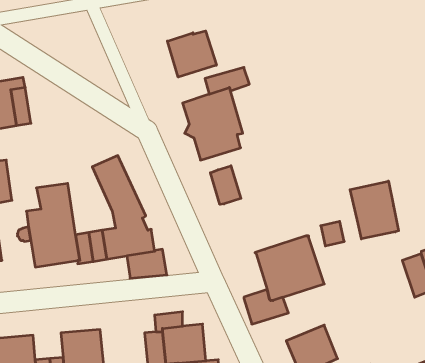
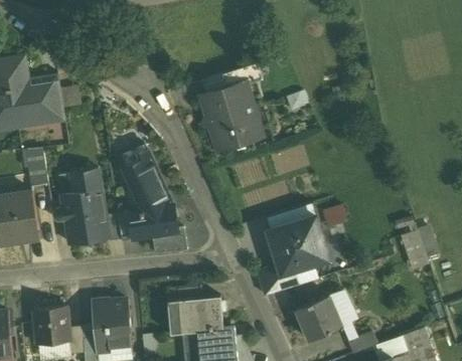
building: [167,31,216,77] -> none
building: [210,166,241,204] -> none
building: [350,181,399,239] -> none

